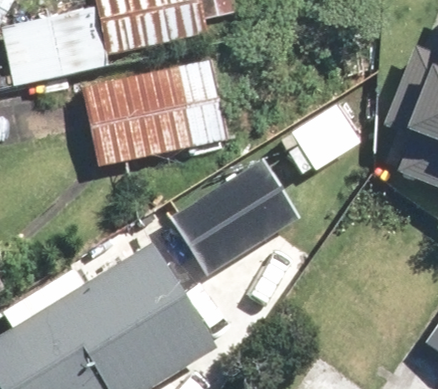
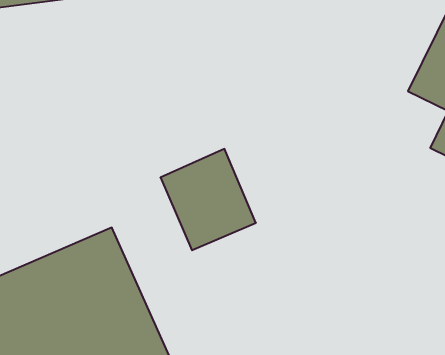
building: [96,69,219,160] -> none

